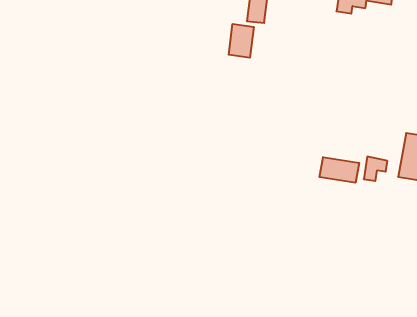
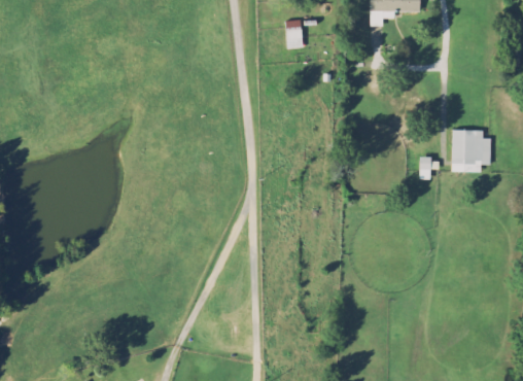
building: [229,24,254,58] -> none
building: [319,157,359,183] -> none

